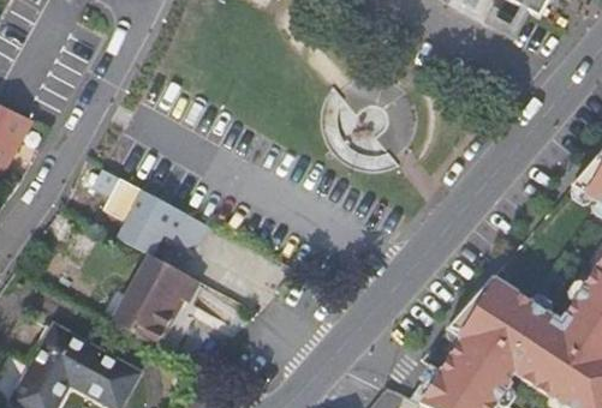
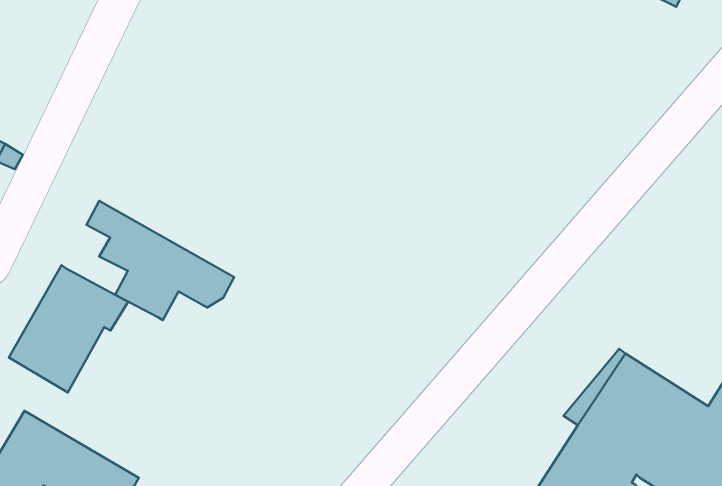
building: [107,252,197,348] -> [9,265,128,393]

